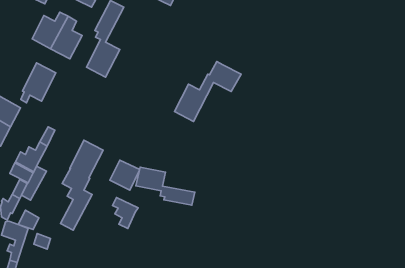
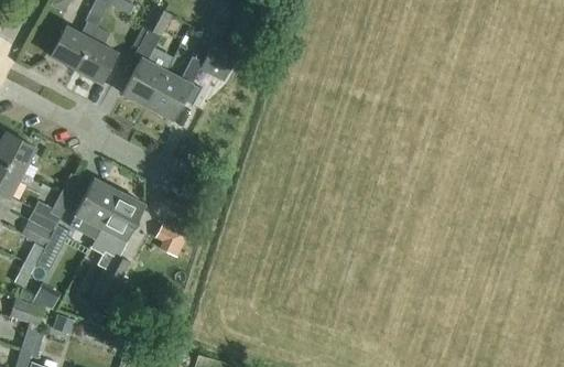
building: [174,62,241,121] -> [148,41,236,120]
building: [21,63,56,103] -> [73,177,119,230]
building: [136,167,195,205] -> none
building: [112,198,138,228] -> none

